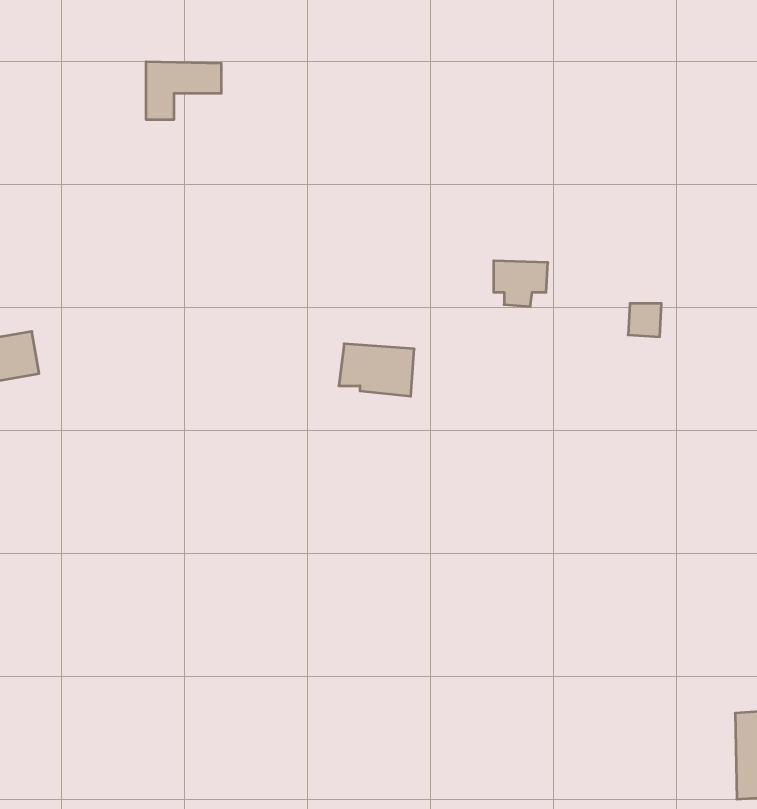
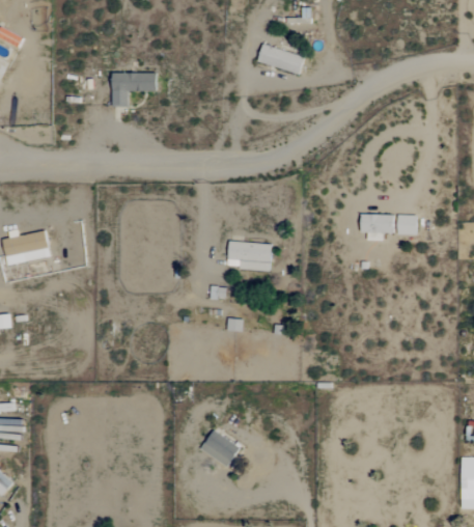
building: none -> [257,44,304,74]
building: [494,261,548,306] -> [360,212,392,239]
building: none -> [200,429,240,467]

